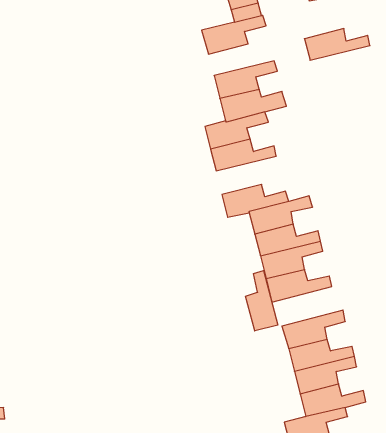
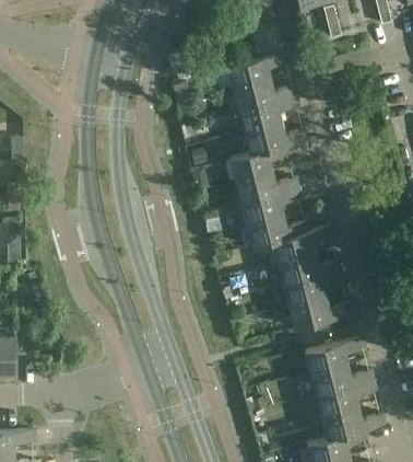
building: [304,29,370,60] -> [233,82,296,113]
building: none -> [240,190,302,228]
building: [245,271,278,331] -> none

